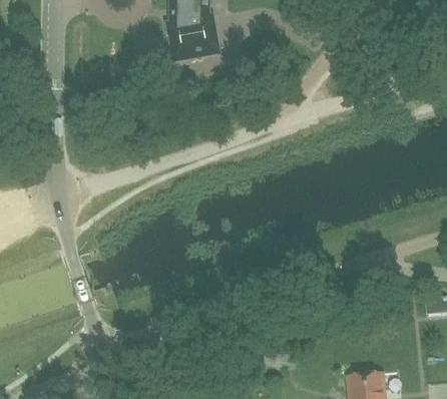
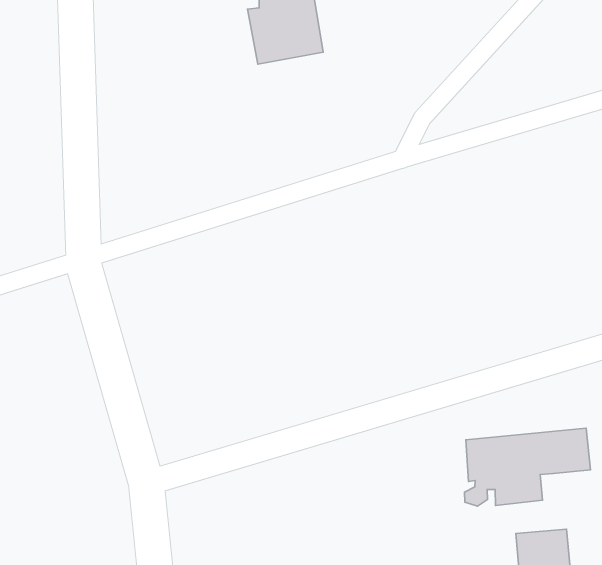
building: none -> [464,428,590,506]

